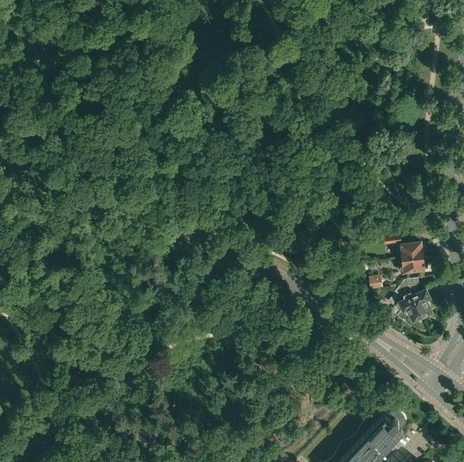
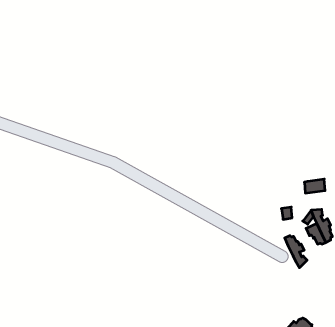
building: [398,256,425,273] -> none
building: none -> [285,236,307,268]

